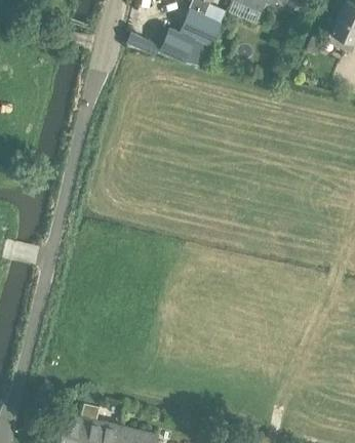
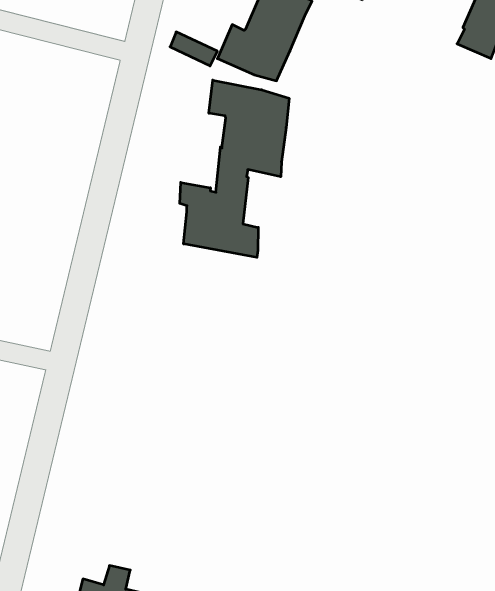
building: none -> [180,80,289,257]

